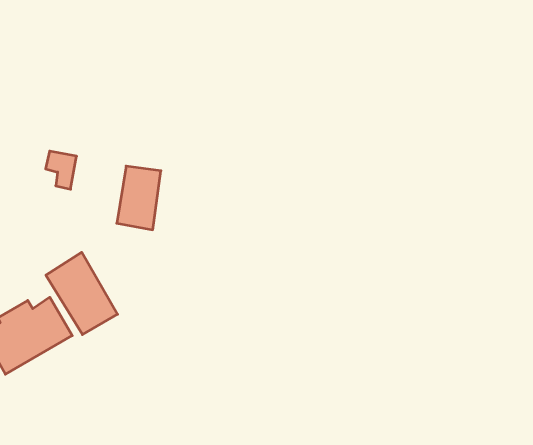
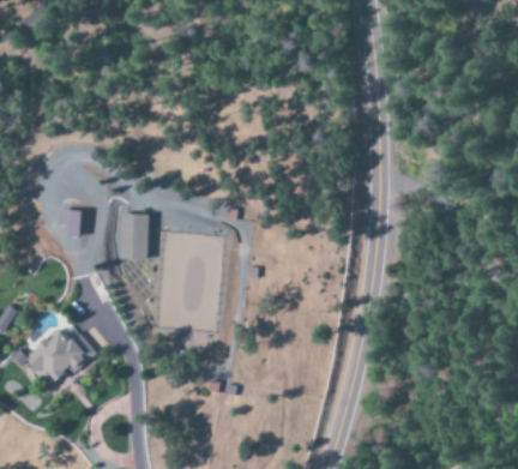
building: [46,252,118,335] -> none

